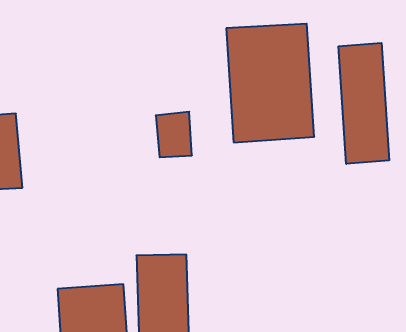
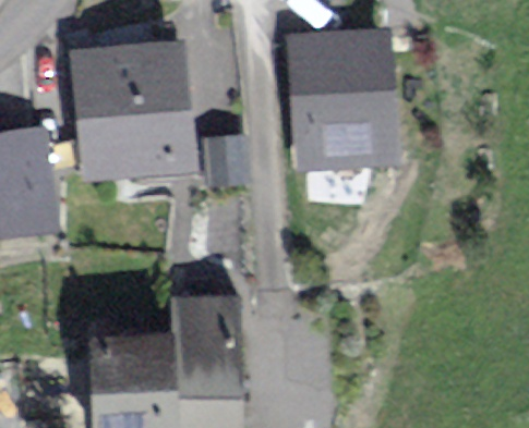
building: none -> [71,44,184,173]
building: [339,43,389,164] -> none

